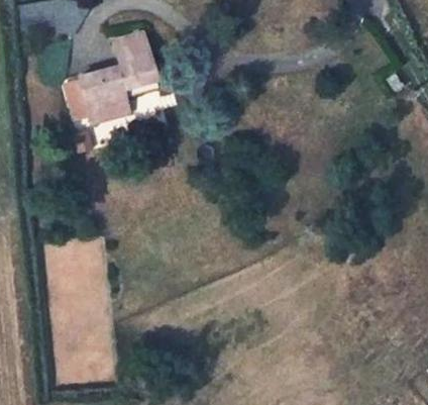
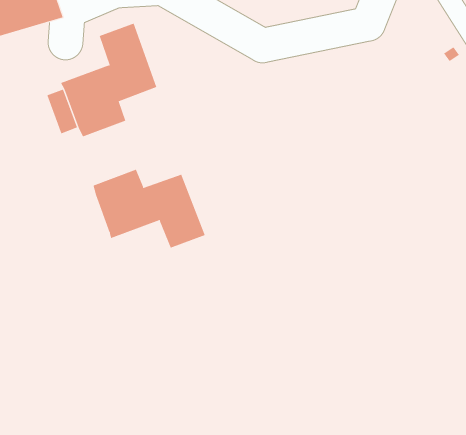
building: none -> [93,169,205,249]

